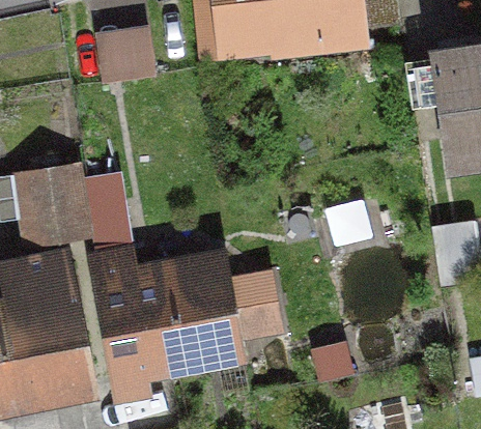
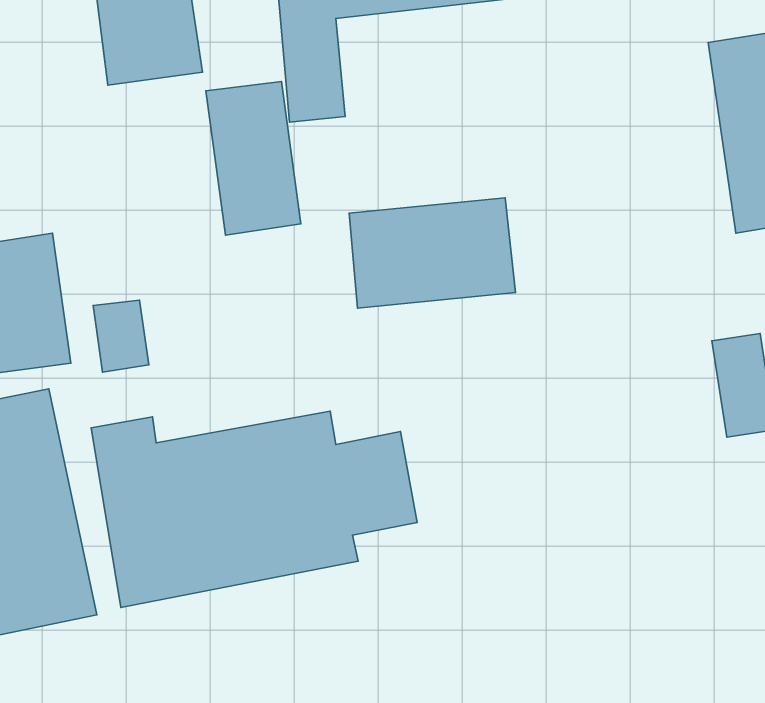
building: none -> [206,82,301,235]
building: none -> [349,198,515,308]

